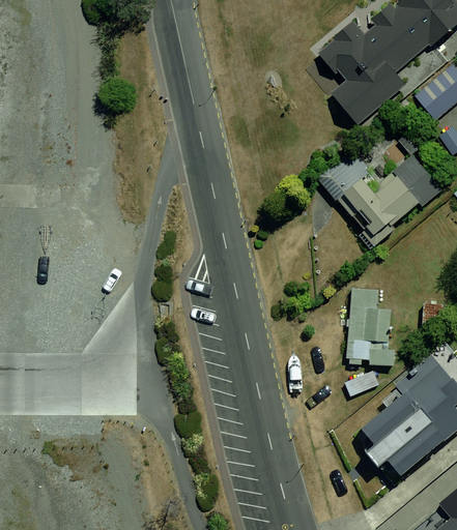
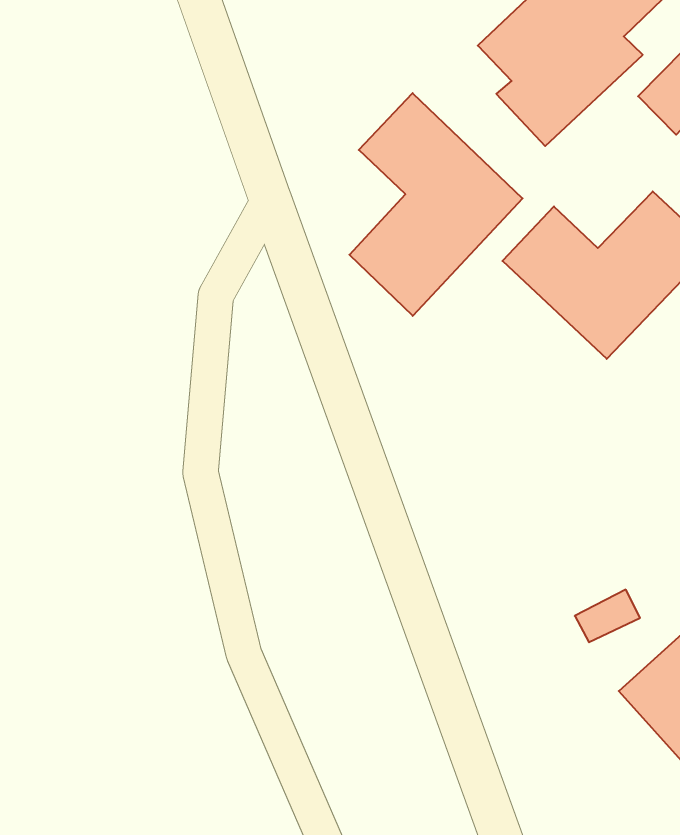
building: none -> [349,93,523,316]
building: [346,289,395,364] -> none

